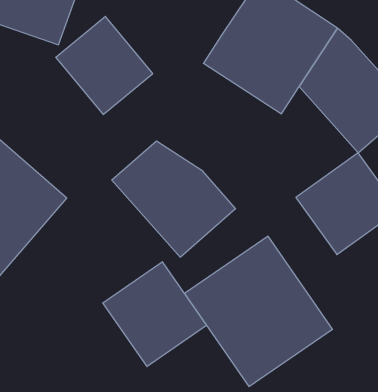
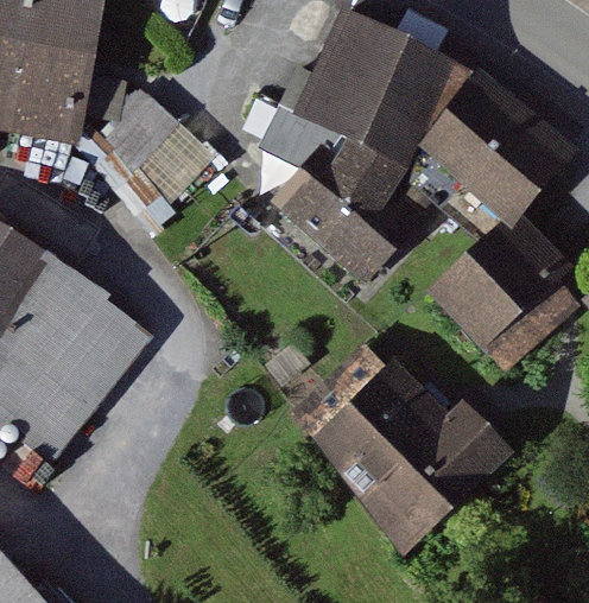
building: [112,141,236,257] -> [276,152,439,296]
building: [103,262,207,367] -> none

